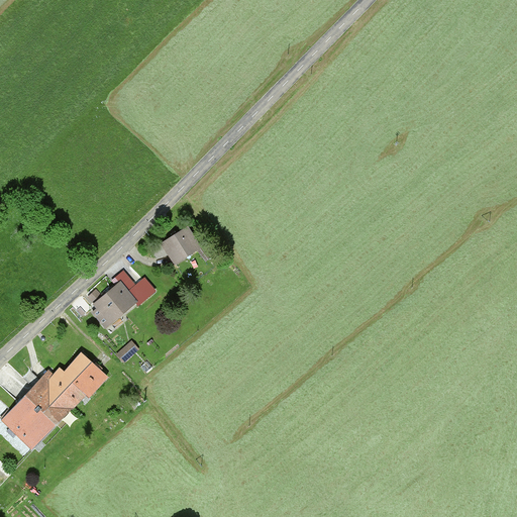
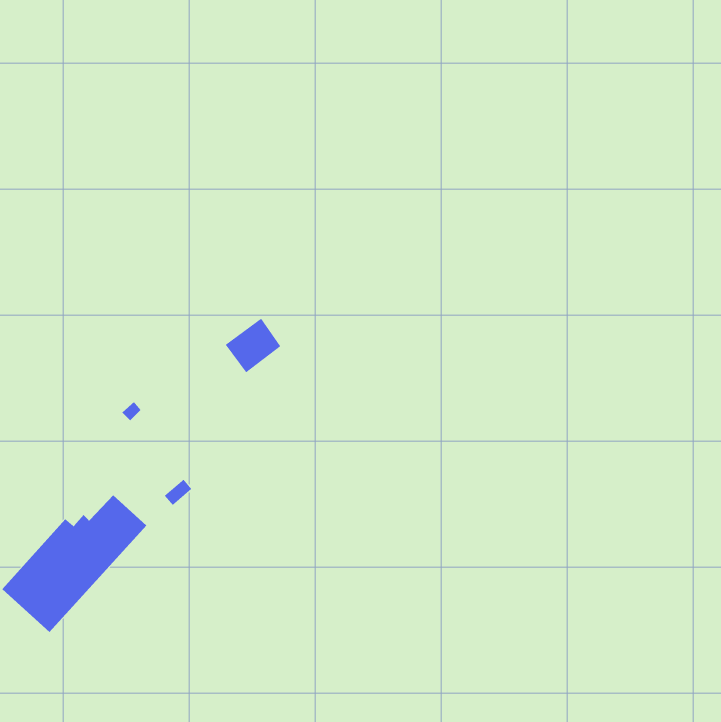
building: [92,269,138,328] -> none

